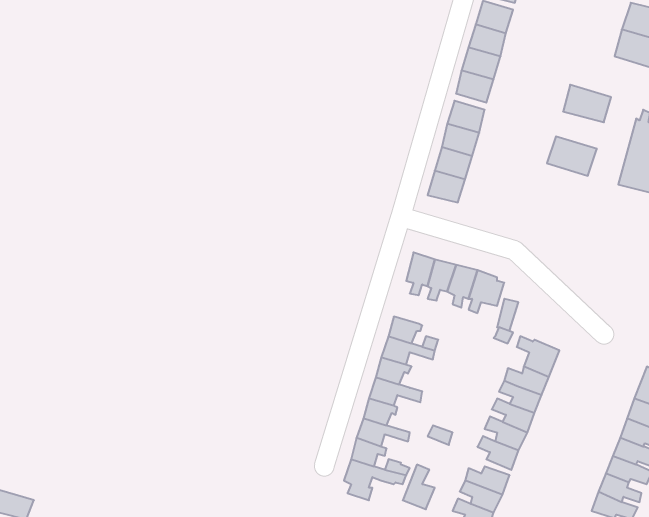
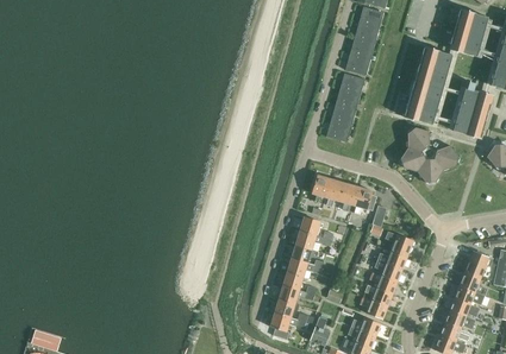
building: none -> [420,45,452,71]
building: none -> [411,81,443,106]
building: none -> [396,127,457,182]

